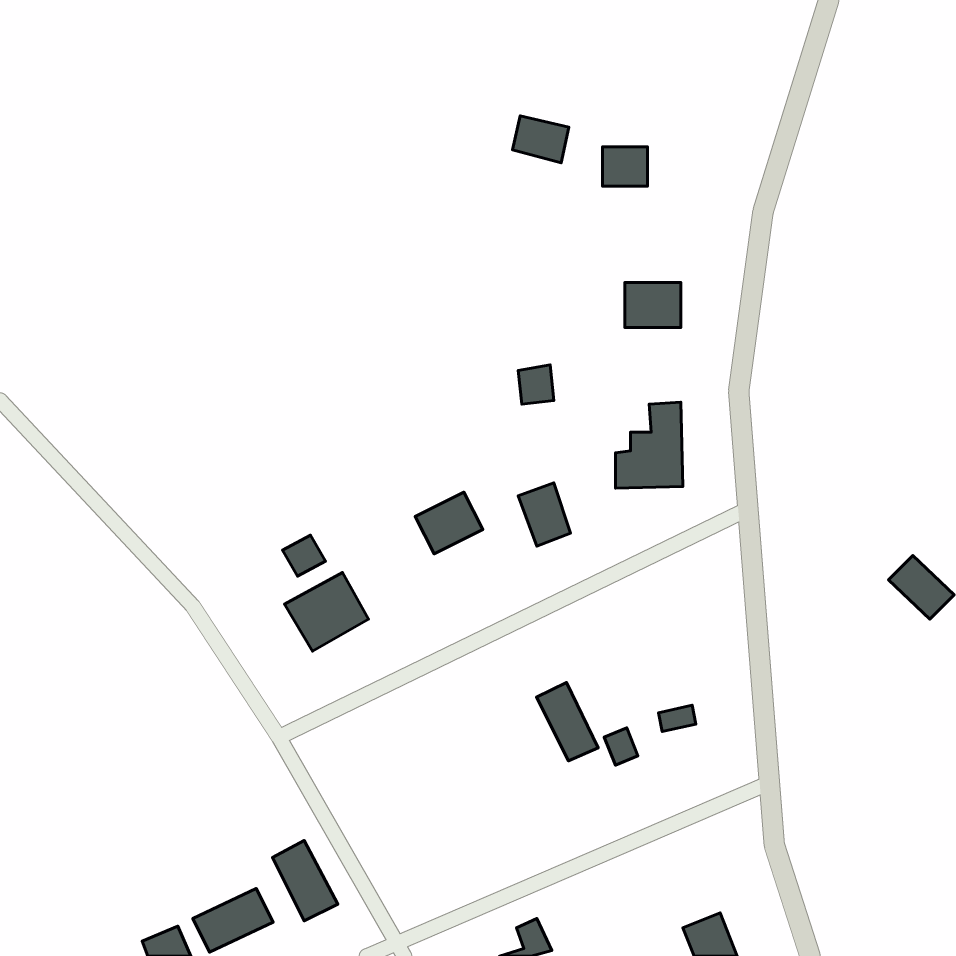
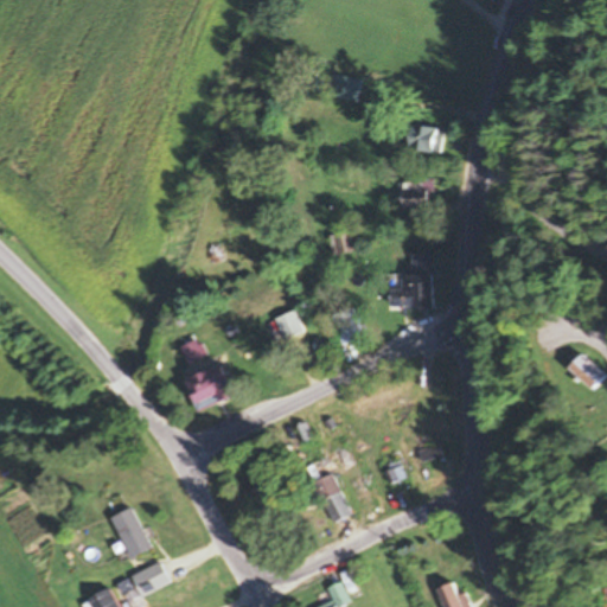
building: [603,147,648,186] -> [405,126,434,151]
building: [537,682,598,761] -> [312,473,351,523]
building: [273,841,338,921] -> [111,507,153,558]

